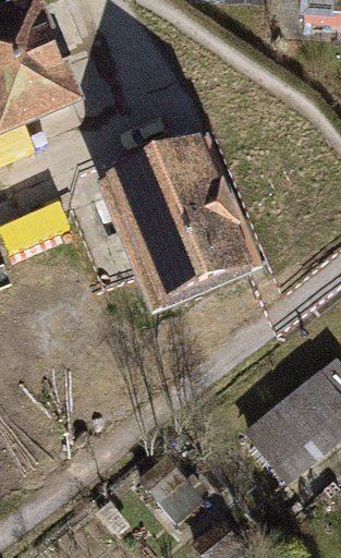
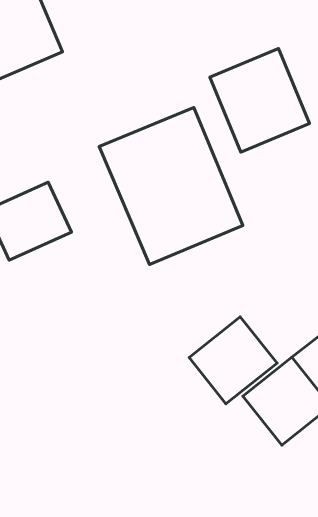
building: none -> [210,49,309,152]
building: none -> [189,317,277,404]

